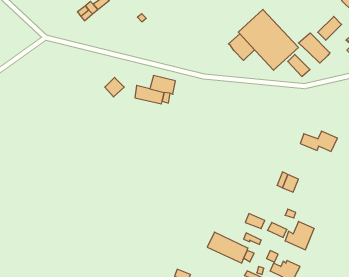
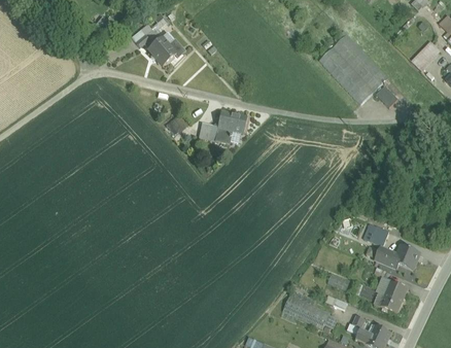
building: none -> [148,32,184,65]
building: [298,33,330,63] -> none
building: [228,34,254,60] -> none
building: [300,131,337,151] -> [377,245,420,269]

